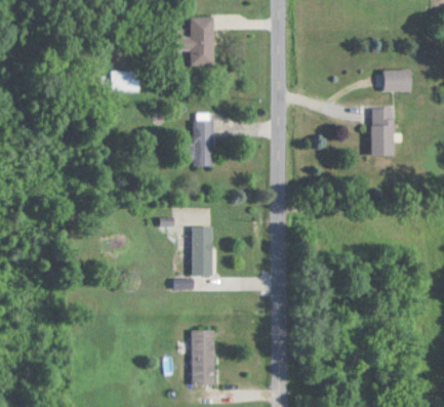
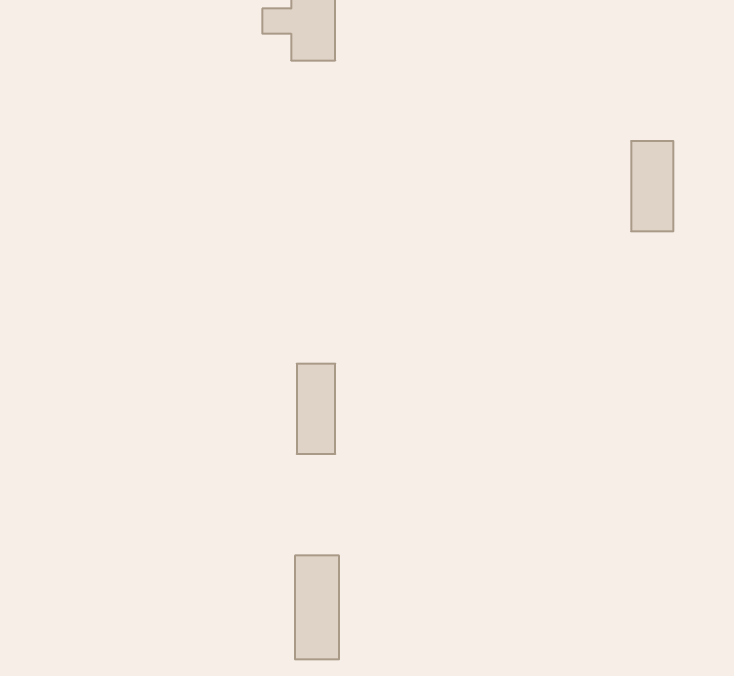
building: [382,70,411,91] -> none
building: [110,71,138,91] -> none
building: [184,120,213,166] -> none

